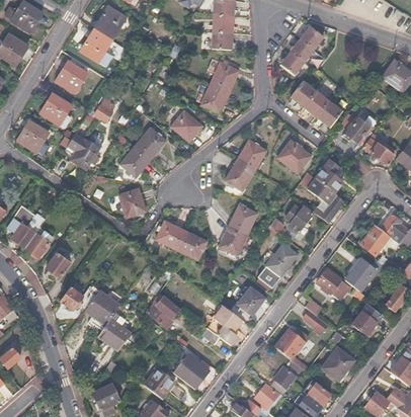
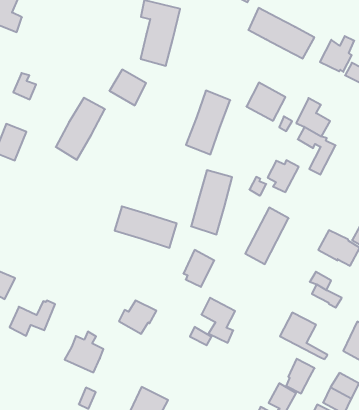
building: [117,188,145,218] -> none
building: [237,285,263,316] -> [183,250,214,287]
building: [84,288,120,325] -> none
building: [173,354,208,388] -> none

